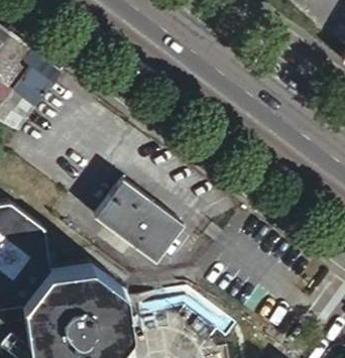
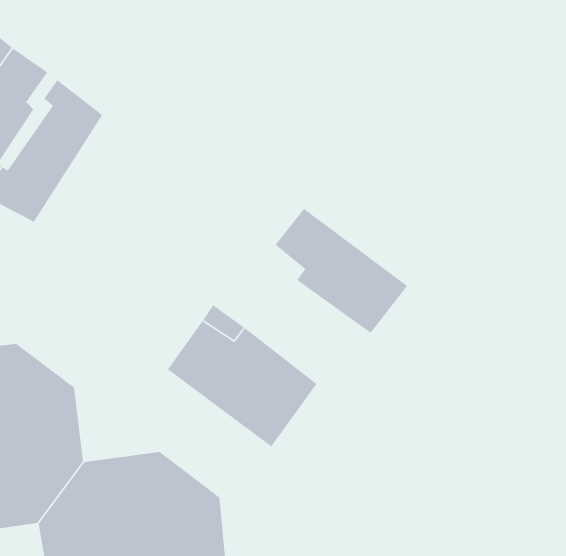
building: none -> [275,208,408,334]

